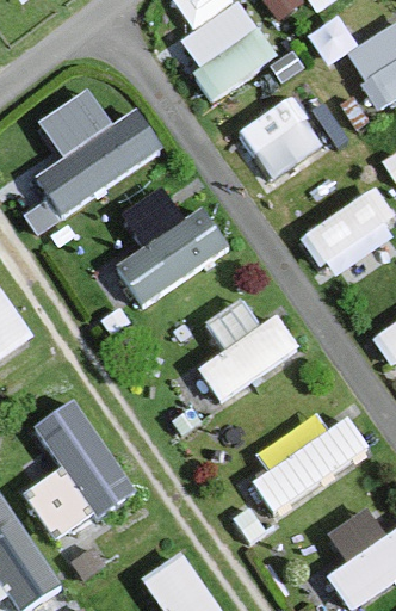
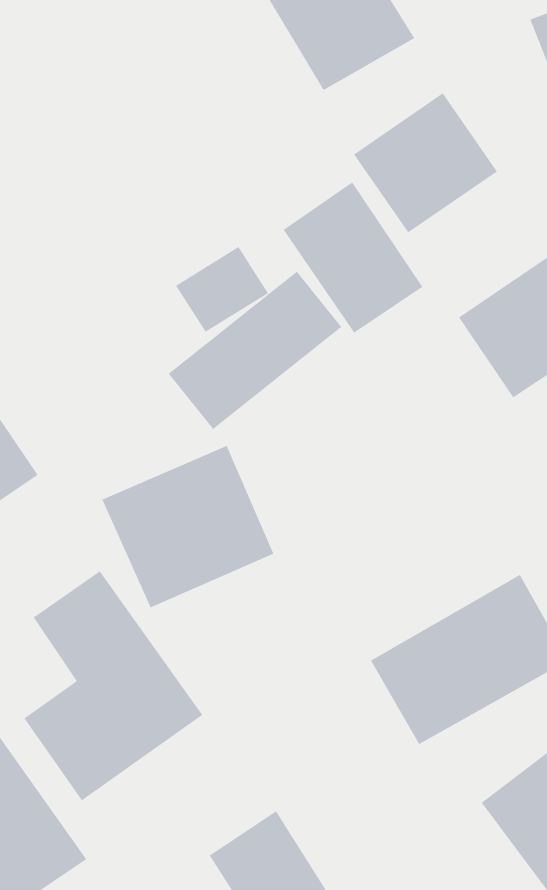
building: [35,78,155,217] -> none
building: none -> [283,182,423,333]
building: [184,294,293,397] -> [102,445,274,608]

